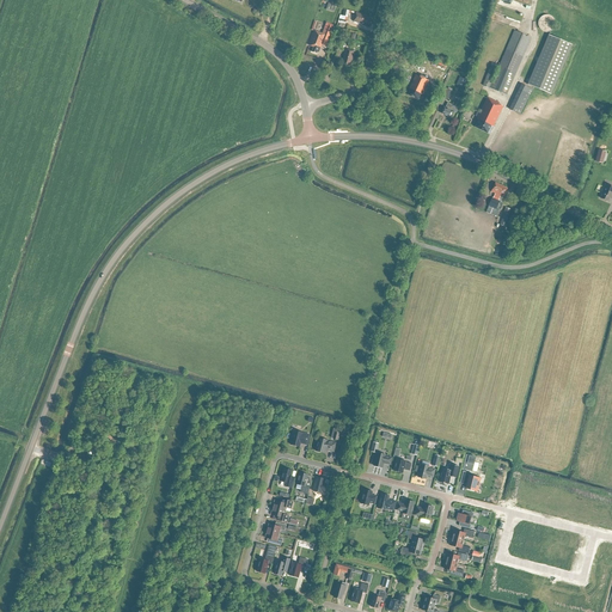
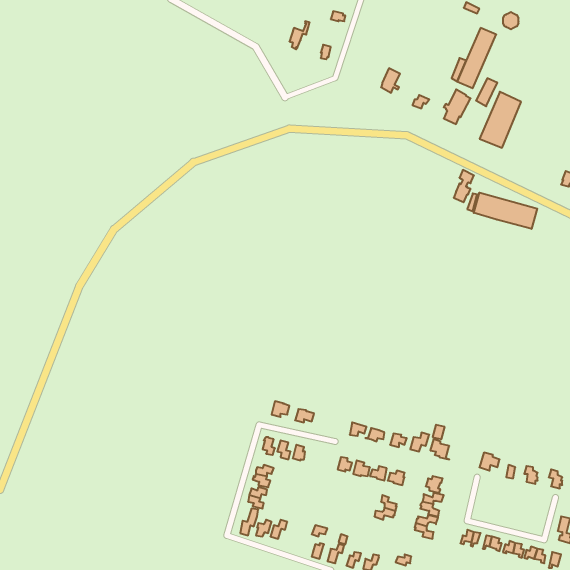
building: [528,33,573,93] -> [480,92,521,148]
building: none -> [474,193,537,229]

